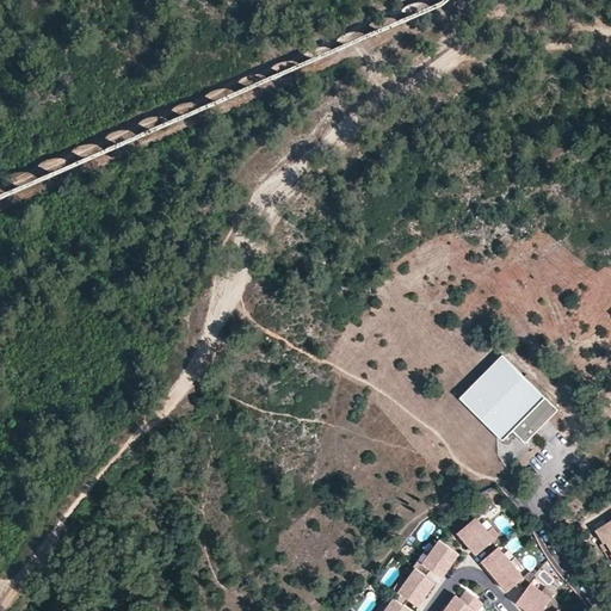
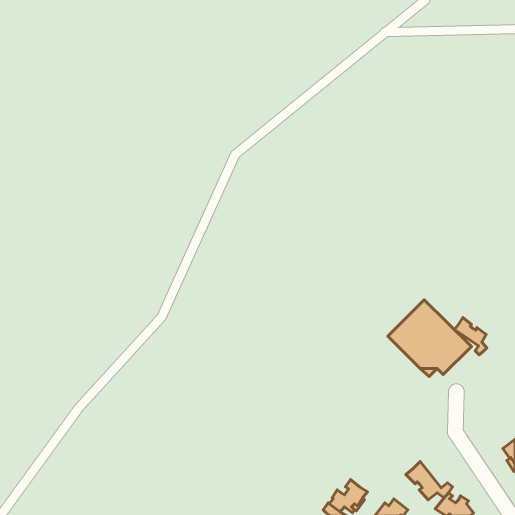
building: none -> [454,318,487,355]
building: [456,517,501,556] -> none
building: [412,541,458,578] -> none

